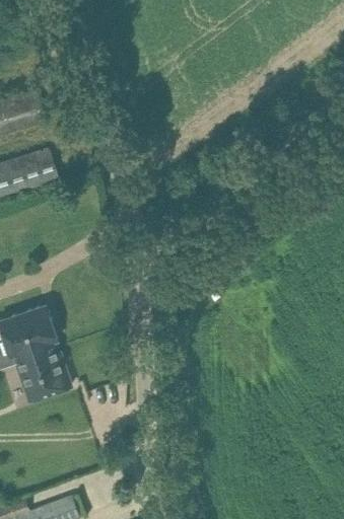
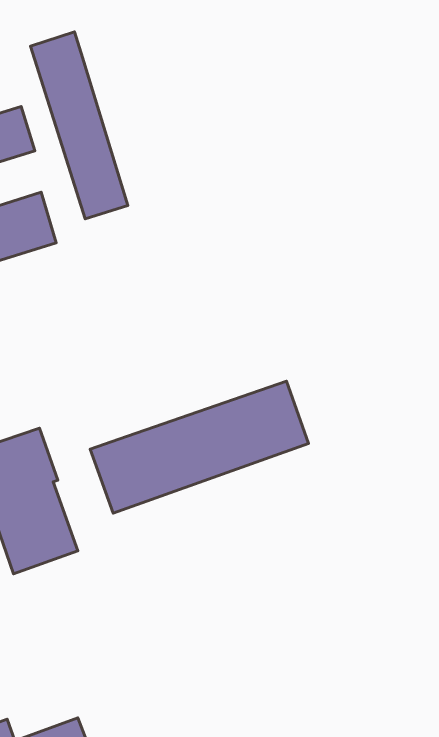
building: none -> [31,32,128,219]
building: none -> [90,381,309,513]

